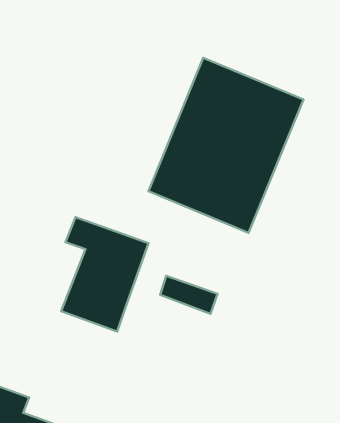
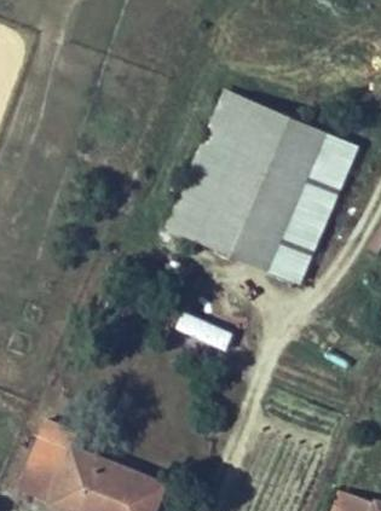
building: [61,217,148,331] -> none

